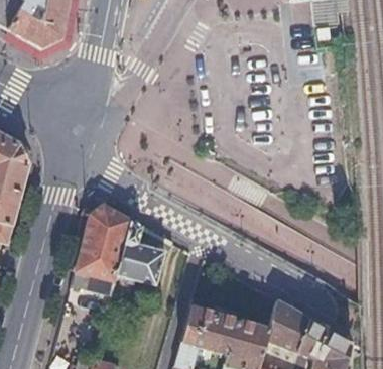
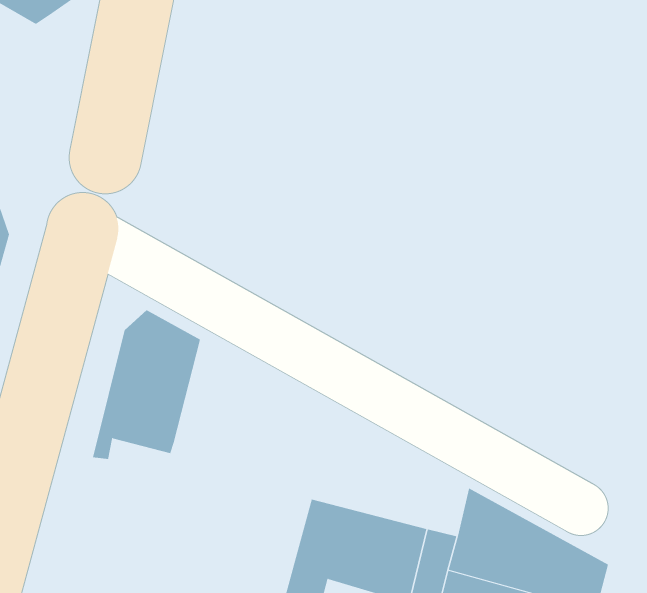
building: [117,221,164,286] -> none

